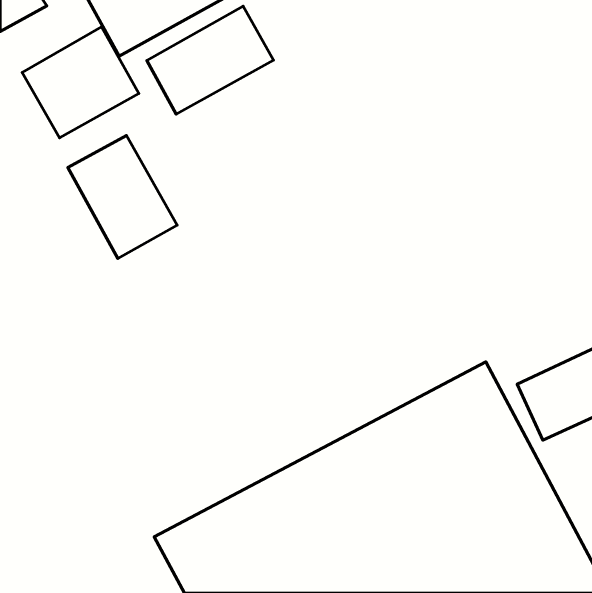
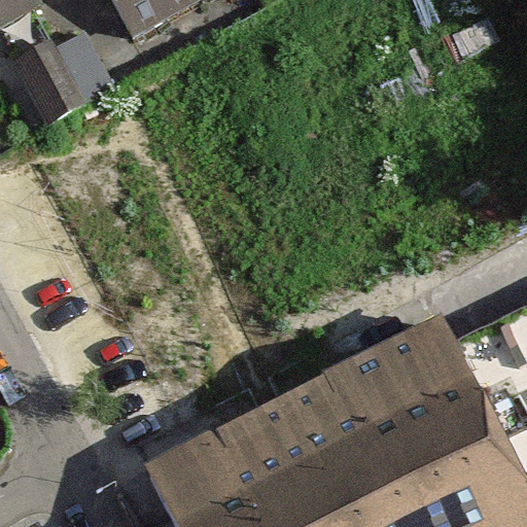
building: [147,6,274,114] -> none
building: [68,135,177,259] -> none

